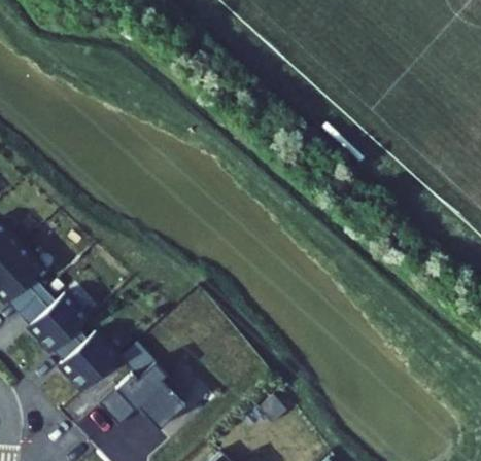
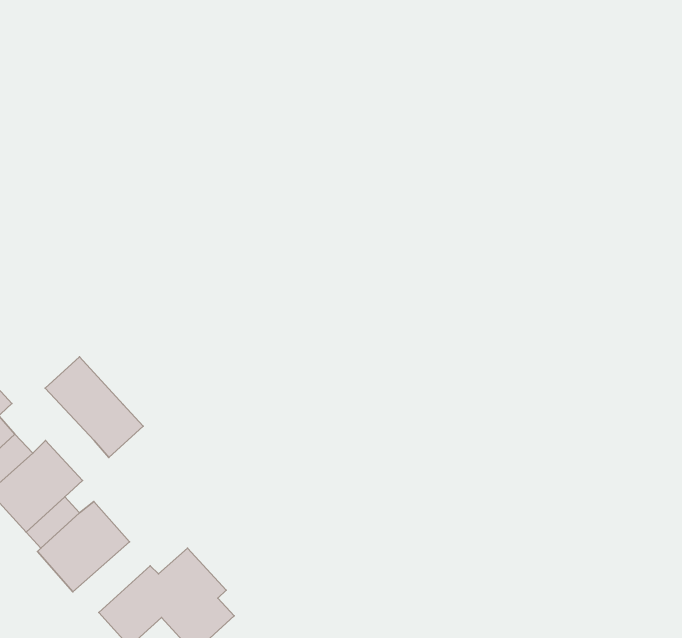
building: none -> [45,357,143,457]

